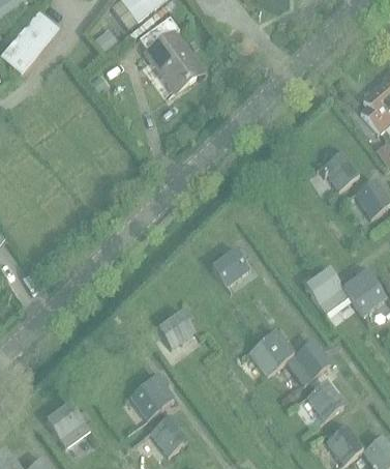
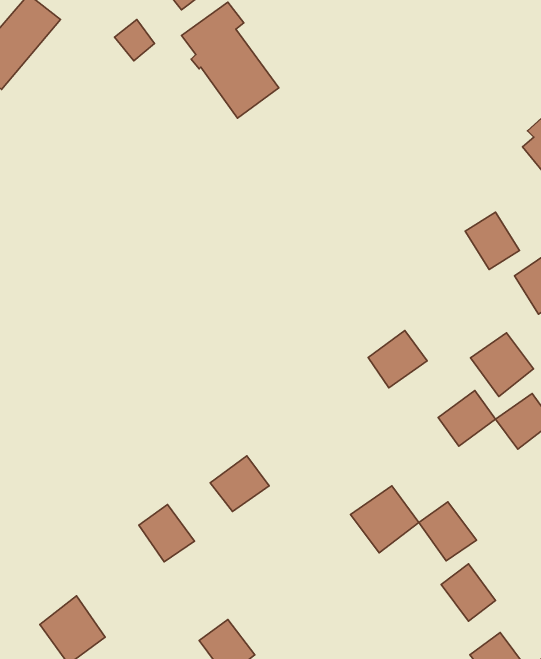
building: none -> [470,333,534,396]
building: [211,248,249,286] -> [368,331,427,388]
building: [137,376,173,413] -> [139,505,195,562]

